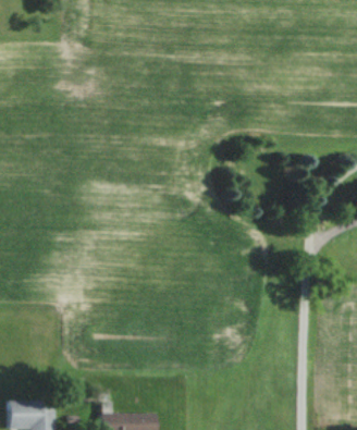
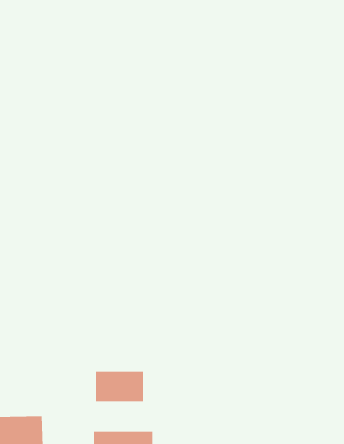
building: none -> [95,371,144,402]

